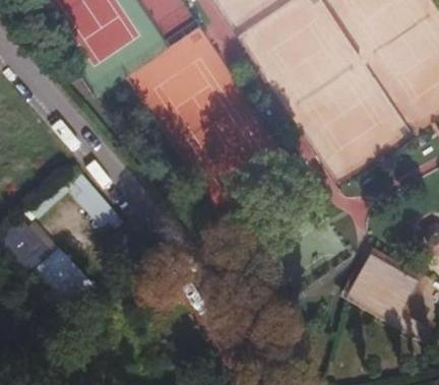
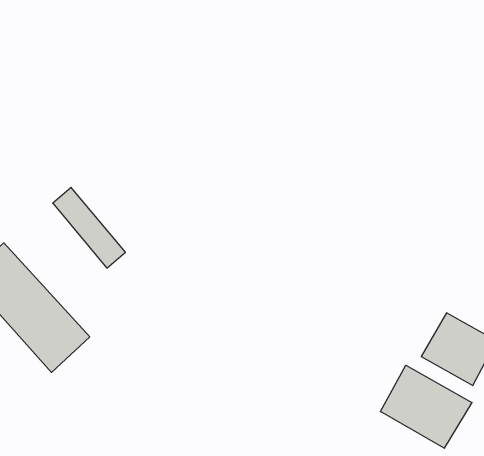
building: none -> [380,365,472,448]

